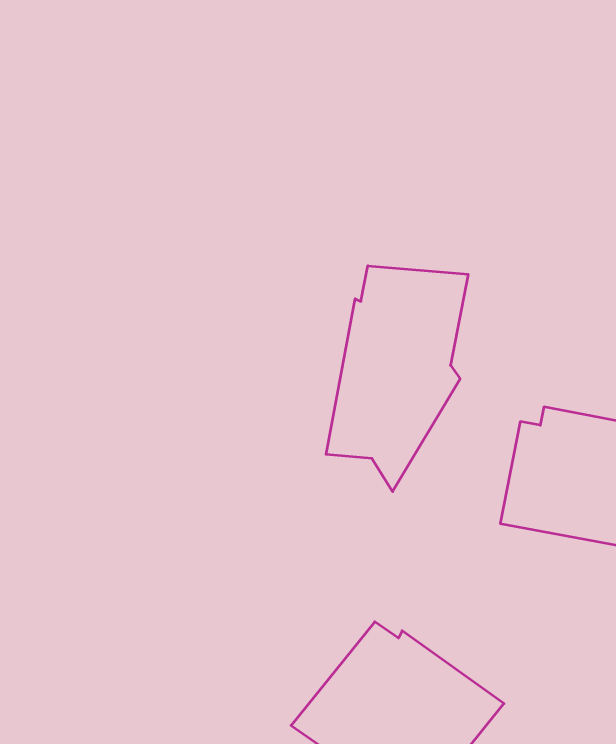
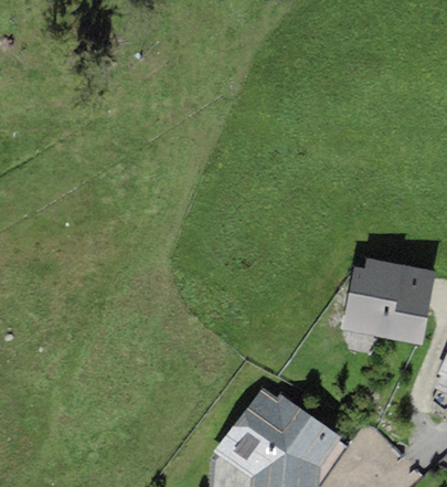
building: [326,266,468,492] -> none

